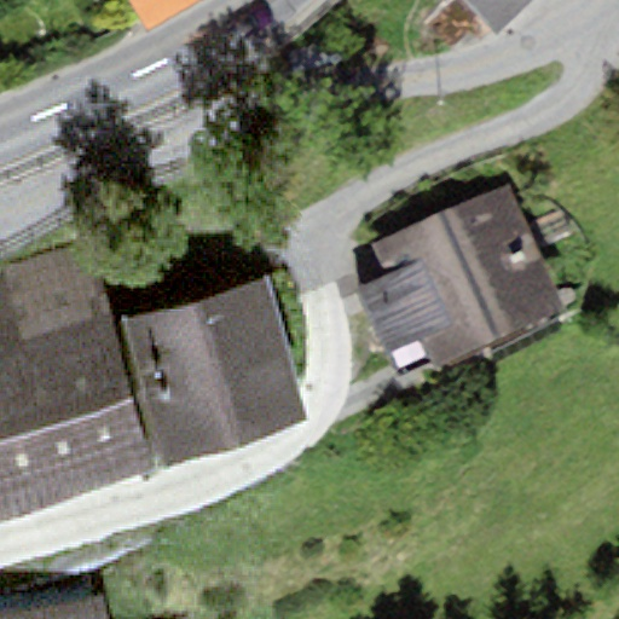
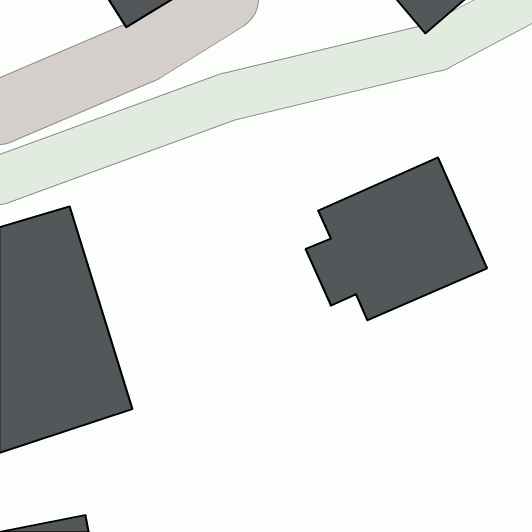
building: [120,278,307,464] -> none

